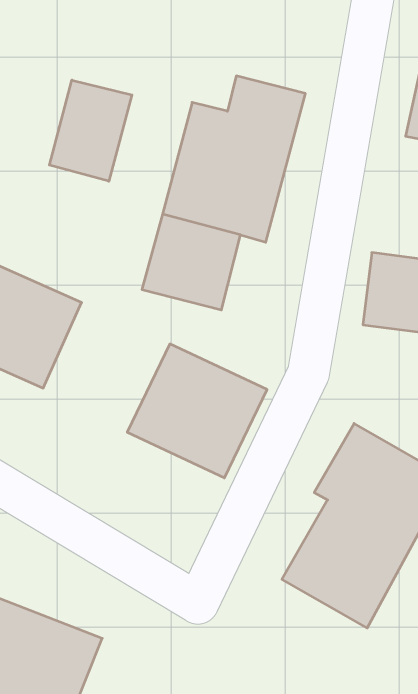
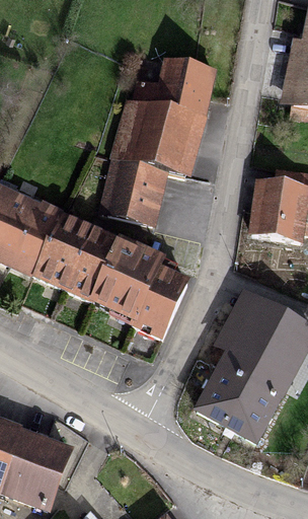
building: [49,80,132,181] -> none
building: none -> [33,215,121,304]

